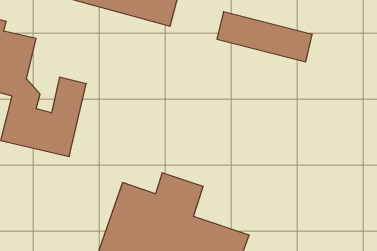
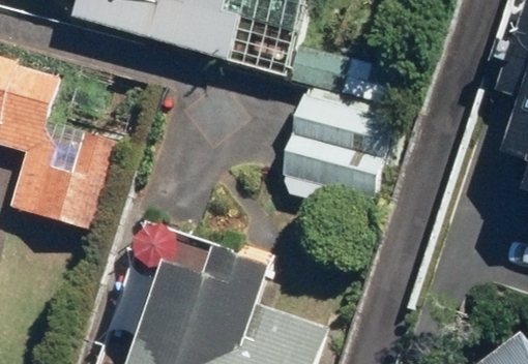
building: none -> [278,90,392,199]

